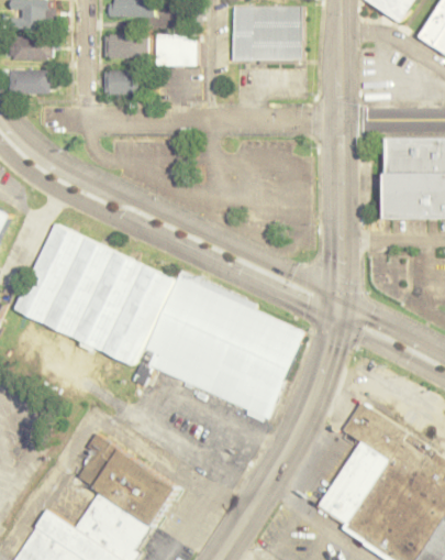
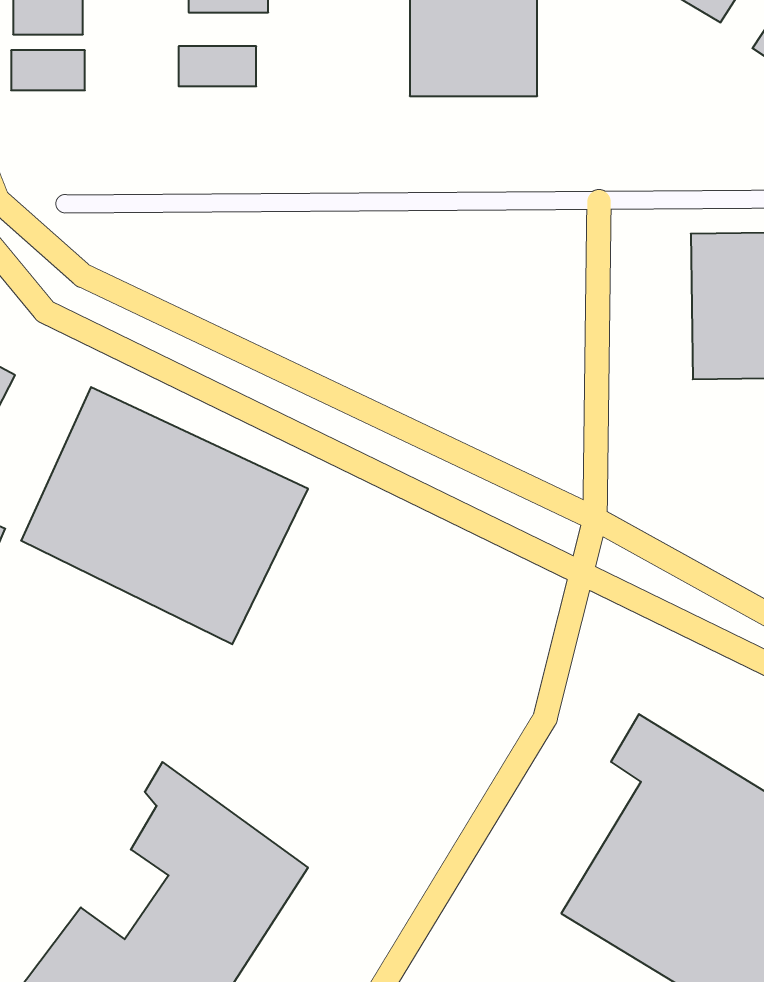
building: [154,34,196,65] -> none
building: [9,69,49,92] -> none
building: [102,72,141,95] -> none
building: [143,273,301,419] -> none

